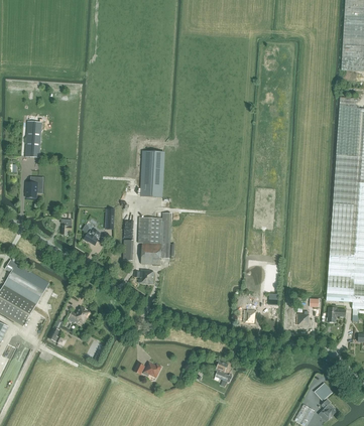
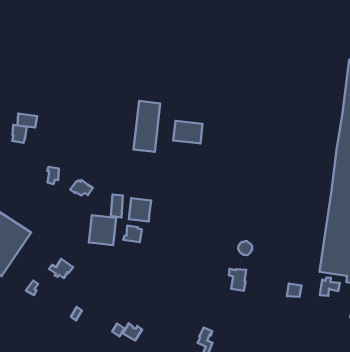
building: [24,121,40,157] -> none
building: none -> [173,121,203,144]
building: [137,217,161,244] -> [89,215,116,245]

